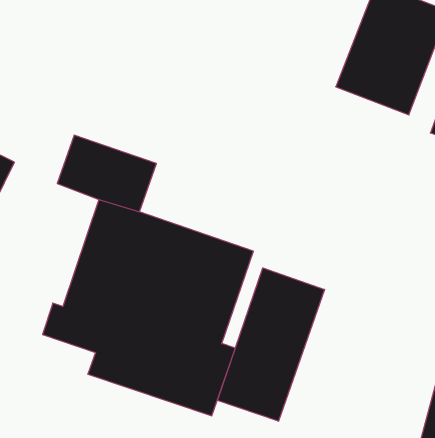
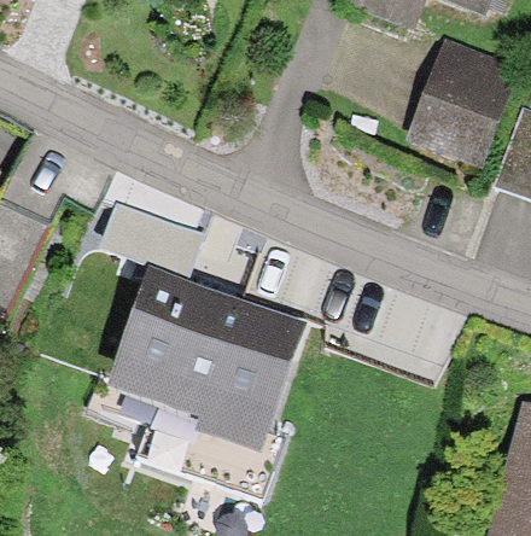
building: [217,268,325,421] -> none

